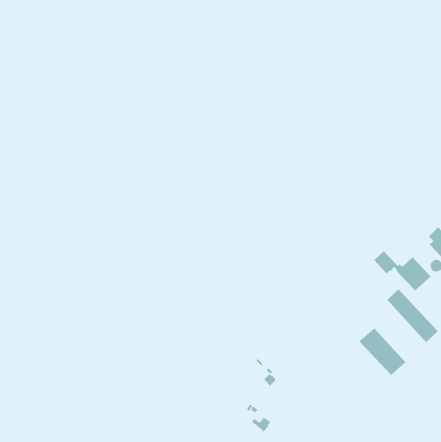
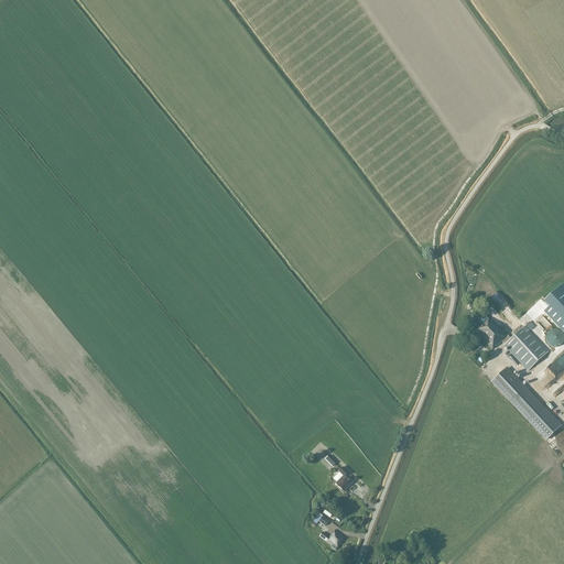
building: [359,327,406,376] -> none

